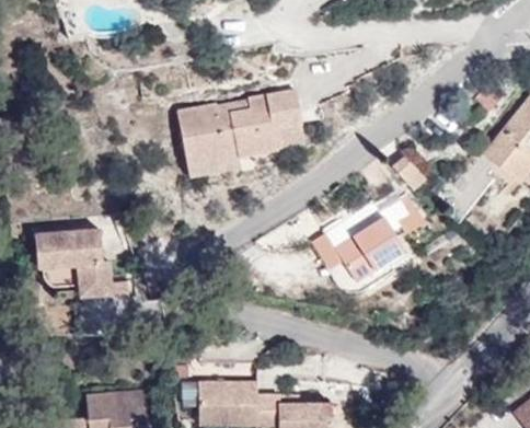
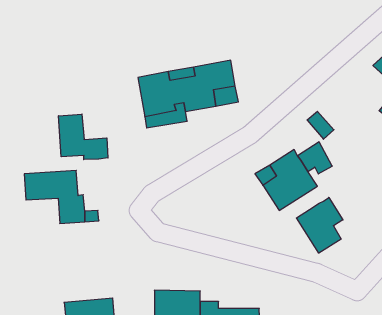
building: none -> [59,114,108,160]
building: none -> [296,197,343,253]

